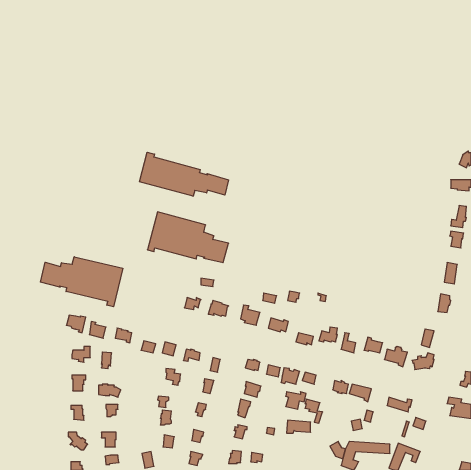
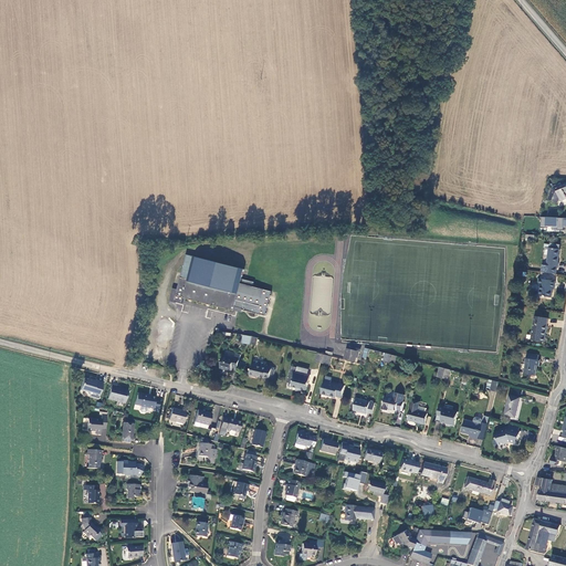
building: [139,152,229,196] -> none
building: [41,257,123,307] -> none
building: none -> [527,518,560,553]

